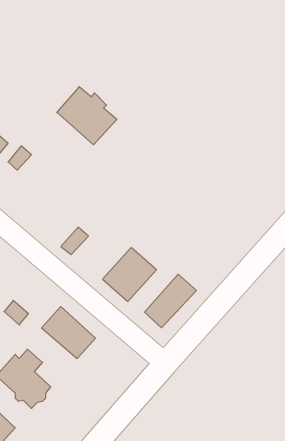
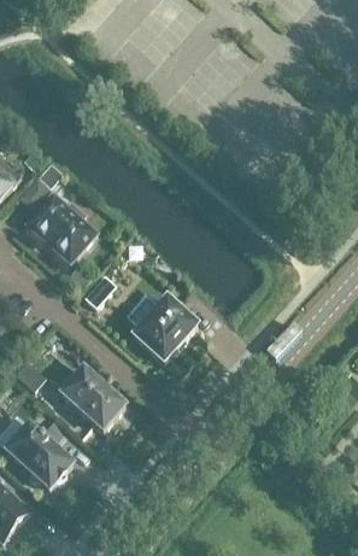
building: [57,87,117,145] -> [25,193,96,262]
building: [144,274,196,328] -> none

